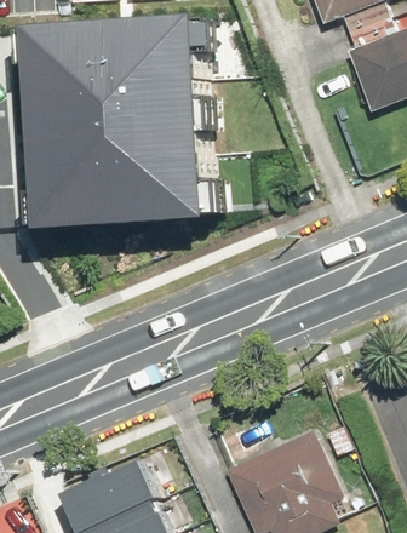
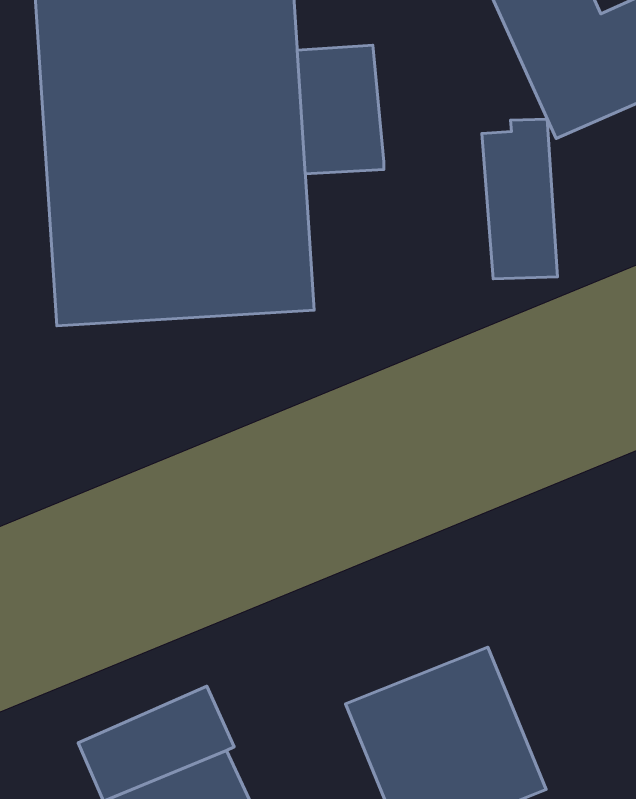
building: none -> [297,45,384,174]
building: none -> [482,119,558,279]

